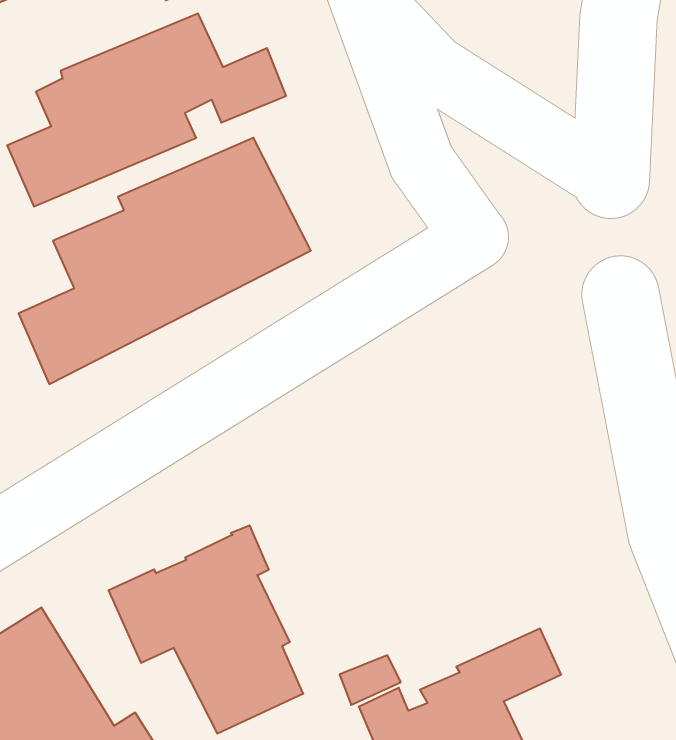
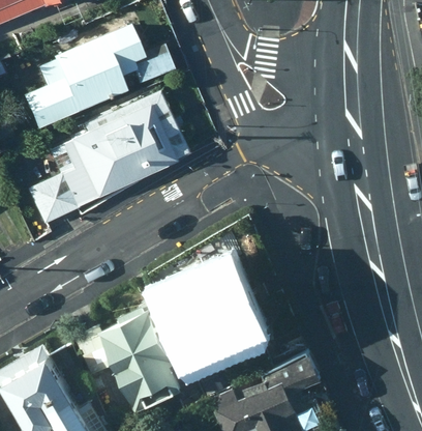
building: none -> [159,261,263,375]

